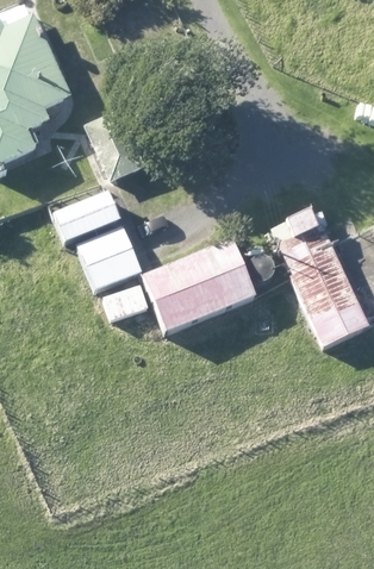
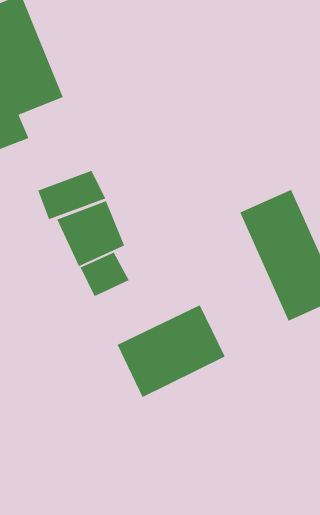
building: [137,236,254,336] -> [117,304,226,398]

